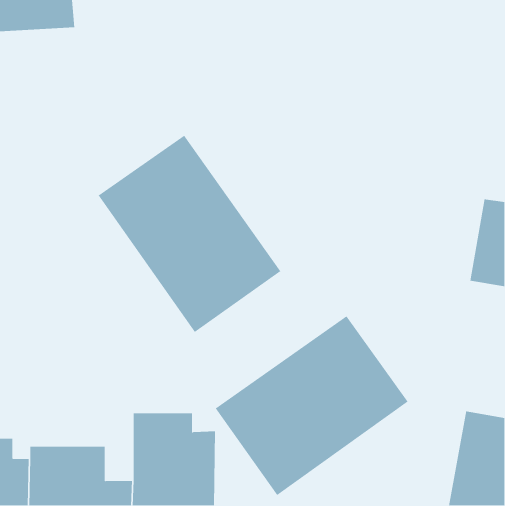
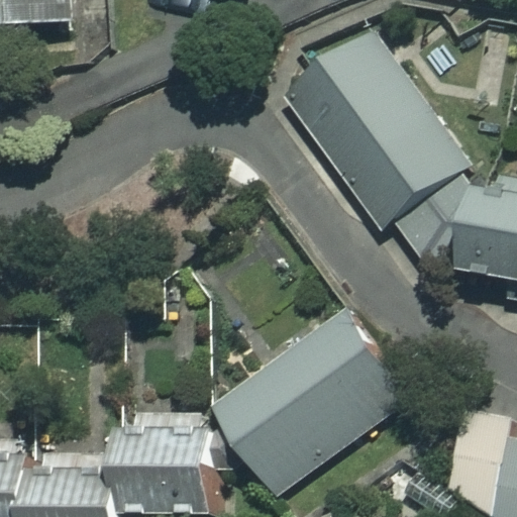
building: none -> [290,40,469,262]
building: [98,135,281,333] -> none

